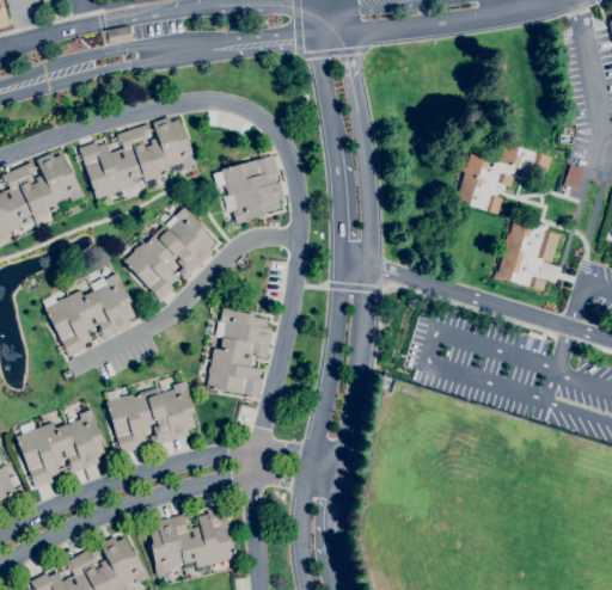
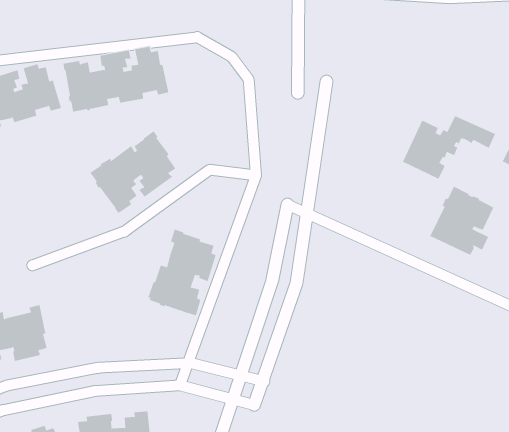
building: [213,154,283,223] -> none
building: [44,272,135,356] -> none
building: [105,381,196,454] -> none

